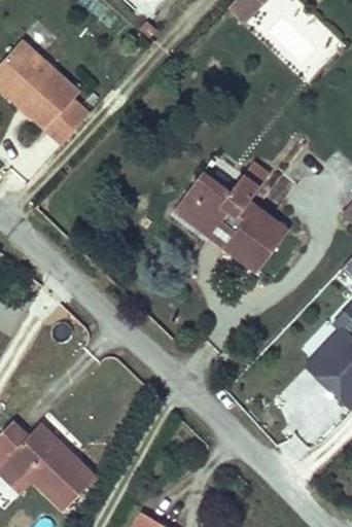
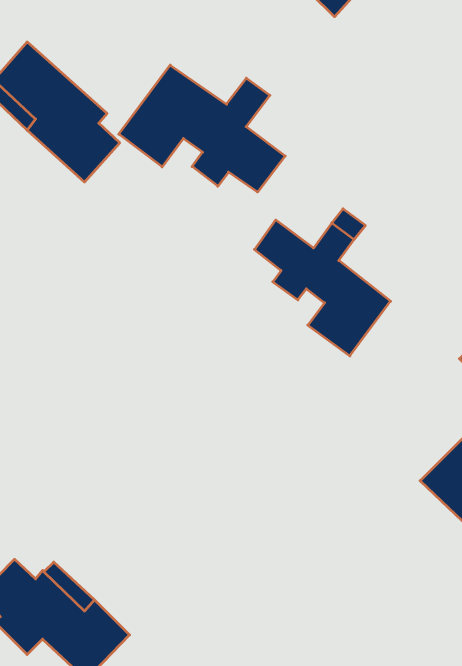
building: none -> [119,65,285,192]
building: [176,195,240,250] -> none

